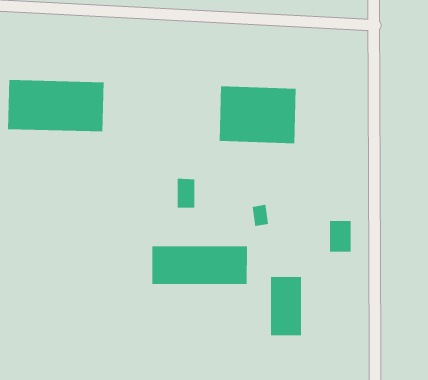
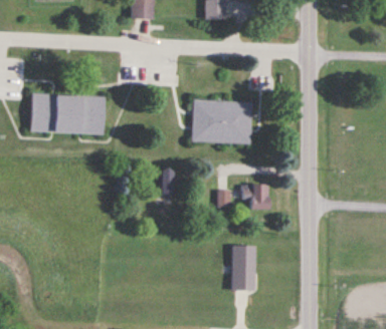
building: [329,221,351,252] -> [251,185,268,209]
building: [152,246,247,285] -> none

